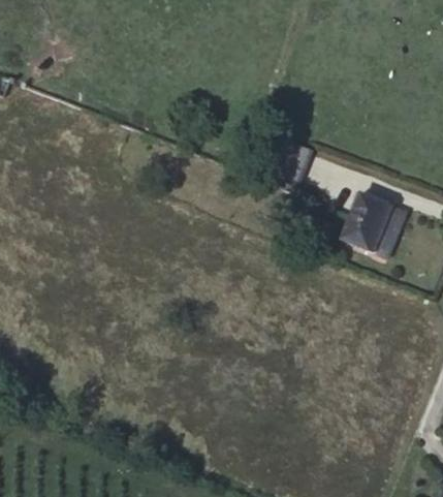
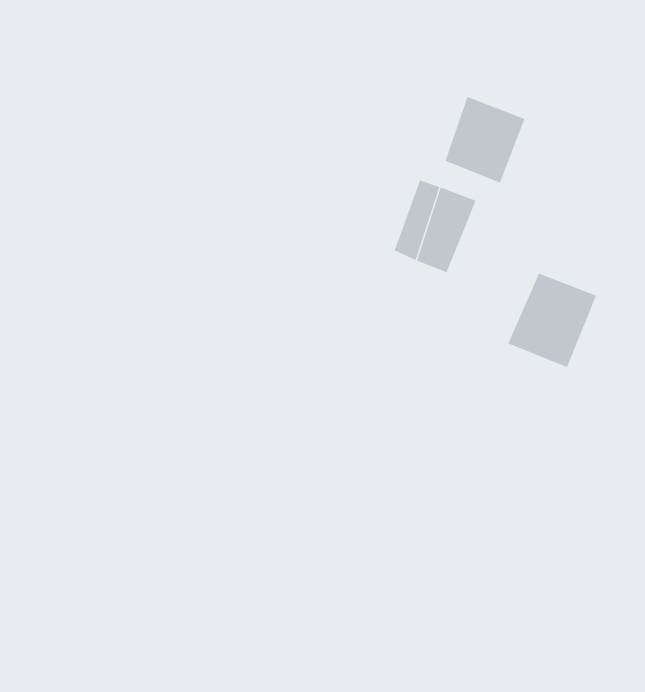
building: none -> [445,96,525,184]

